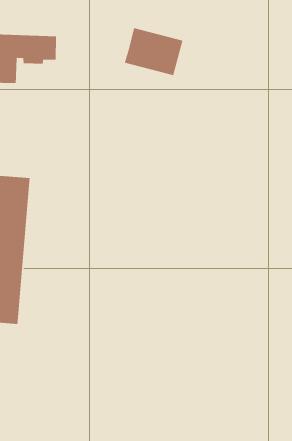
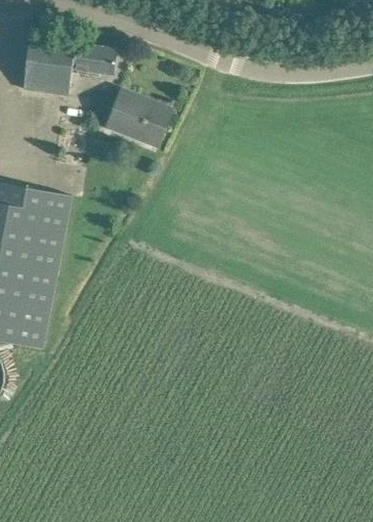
building: [124,27,184,76] -> [106,90,171,146]

